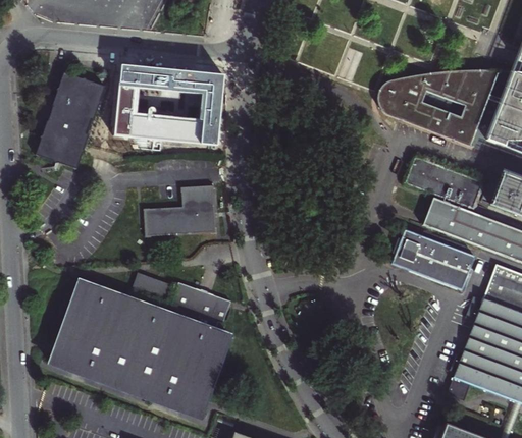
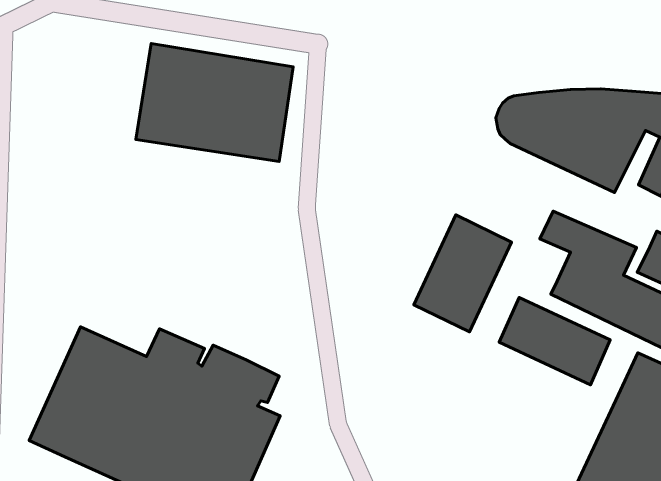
building: [37,72,105,169] -> none
building: none -> [414,215,512,332]
building: [144,188,216,239] -> none

